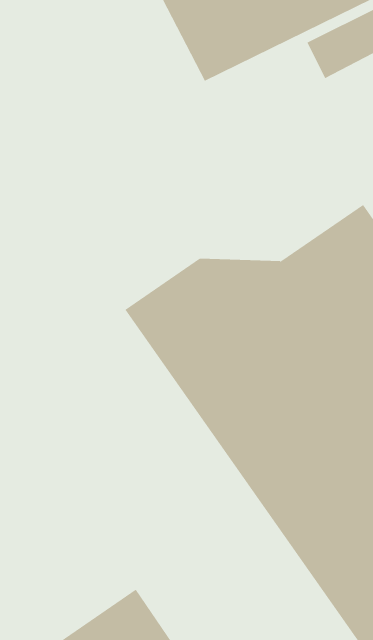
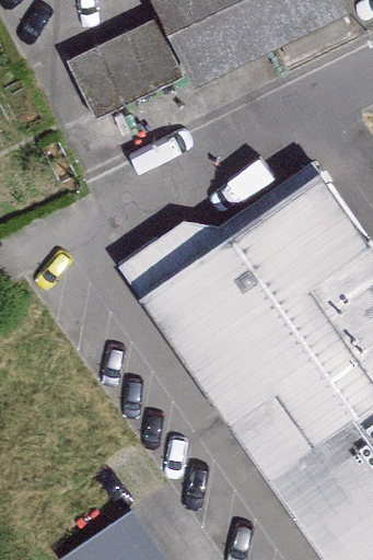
building: none -> [65,16,185,120]

